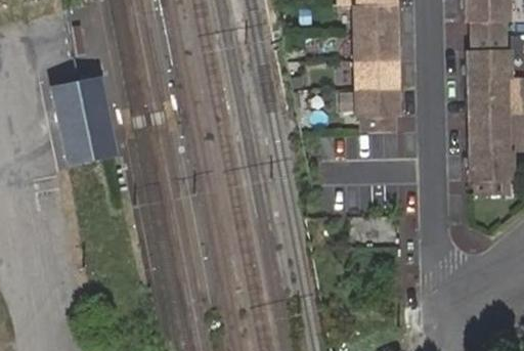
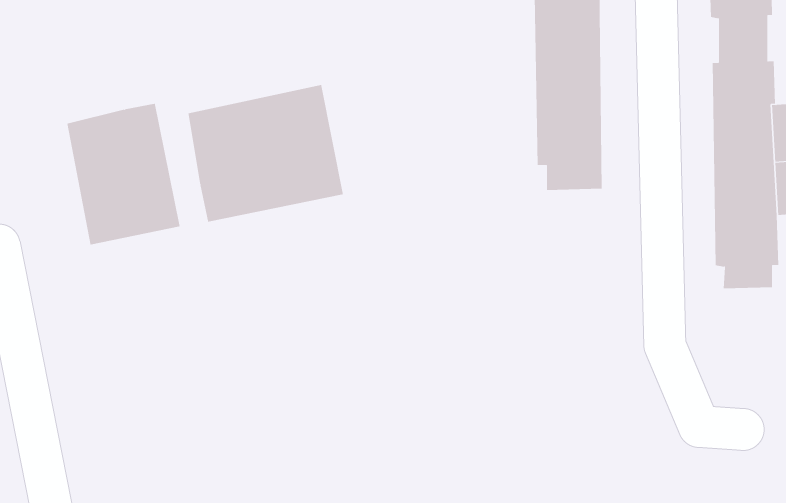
building: none -> [188,84,344,222]

